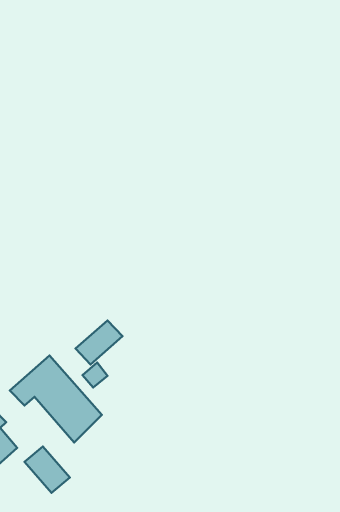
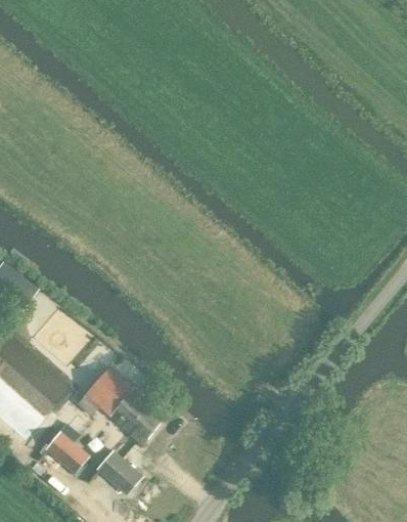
building: [76,320,122,365] -> none

